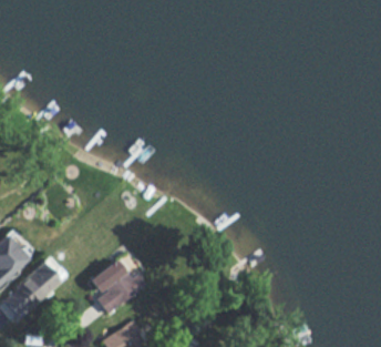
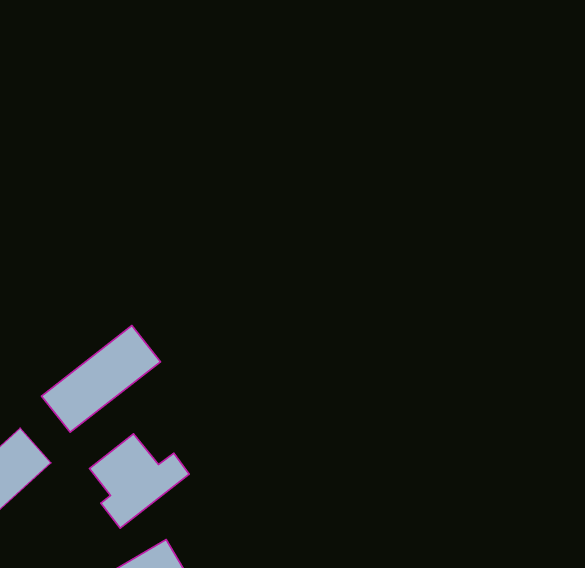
building: none -> [41,326,161,432]

